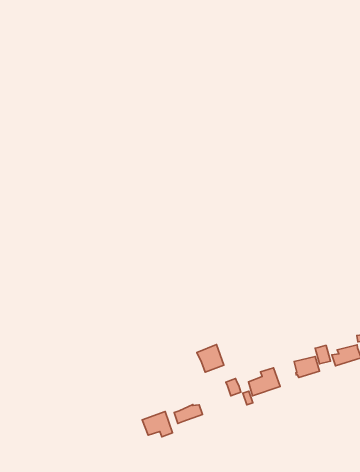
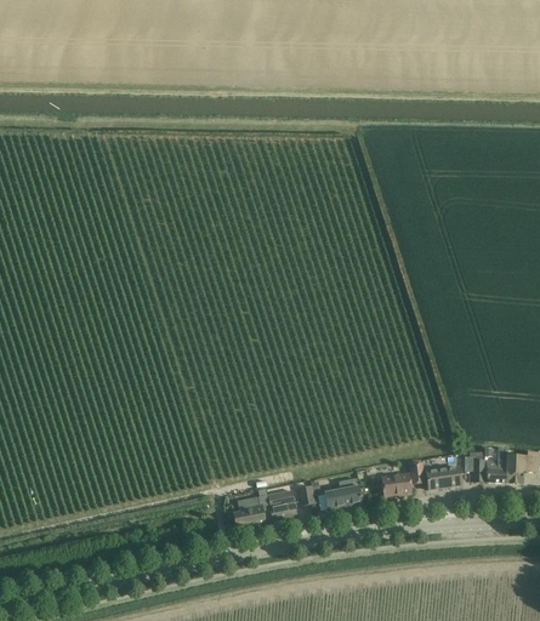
building: [197,344,224,372] -> [267,488,296,518]
building: [142,412,172,437] -> none

